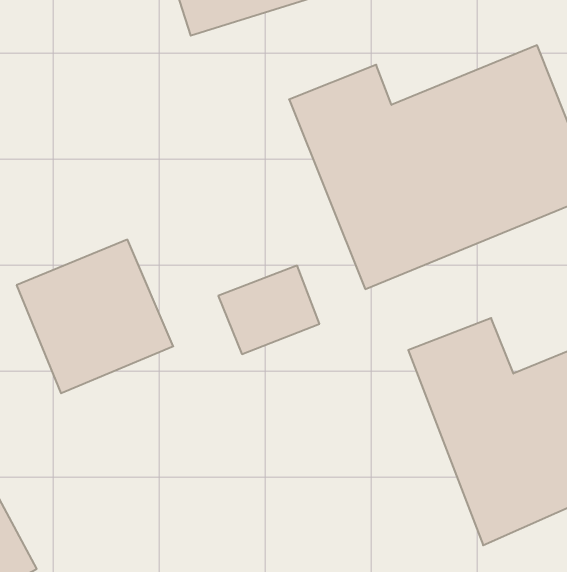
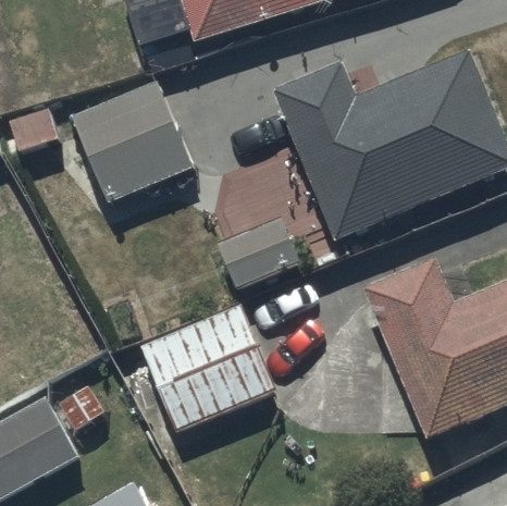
building: [17,240,173,393] -> [71,84,194,205]
building: none -> [139,306,276,431]

